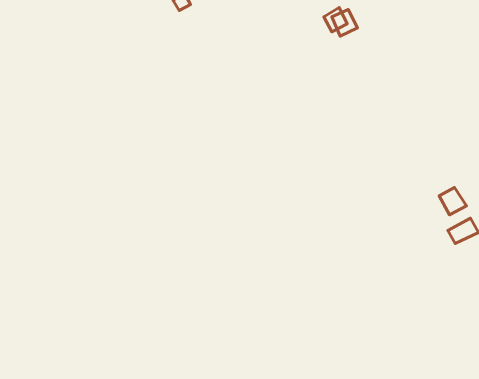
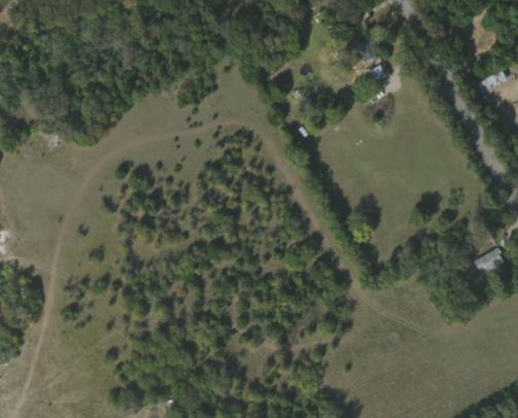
building: [439,187,466,215] -> none

